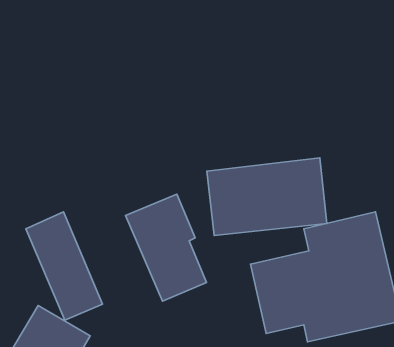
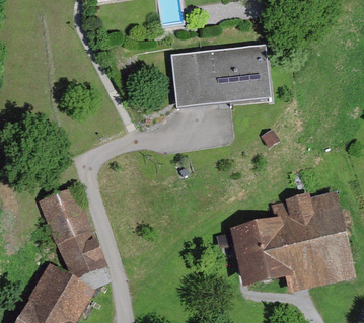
building: [207,158,327,236] -> [168,43,269,107]
building: [126,194,207,301] -> none

